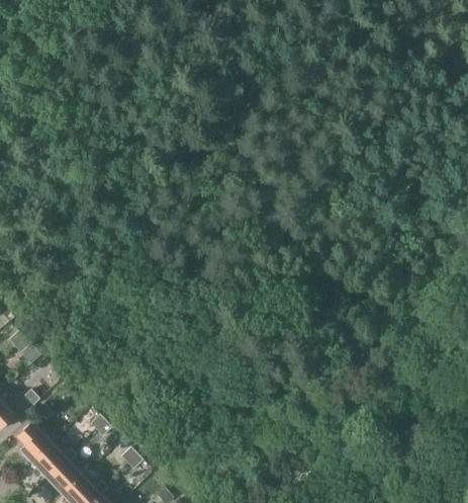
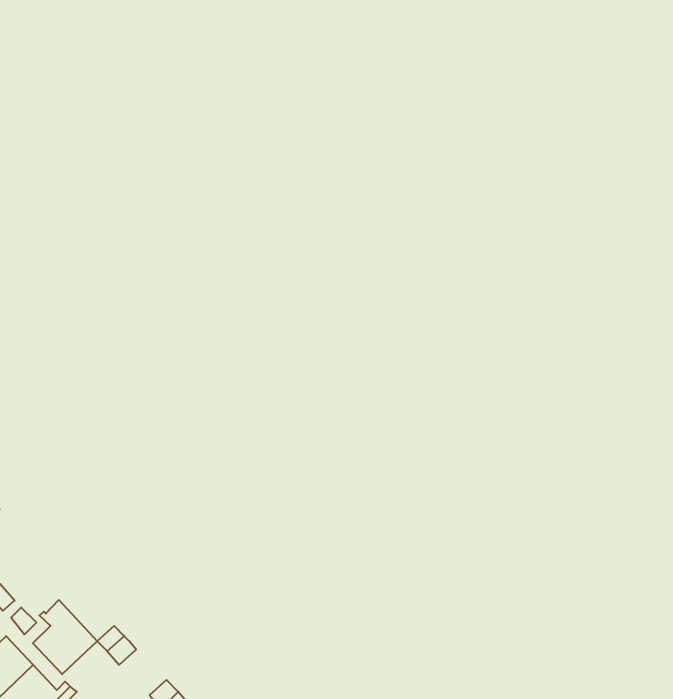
building: none -> [33,600,97,674]

